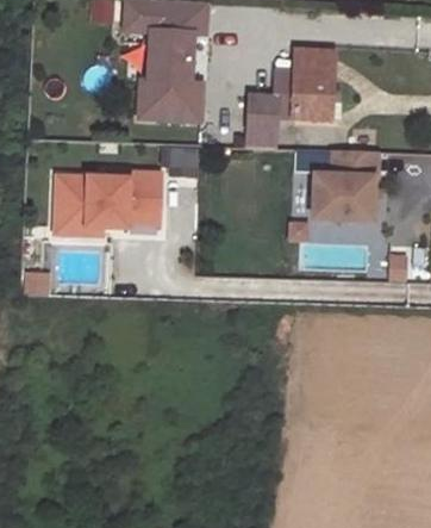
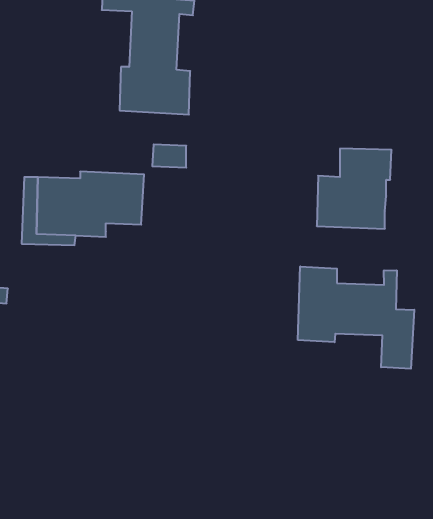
building: [249,51,333,149] -> none
building: none -> [298,266,414,369]

